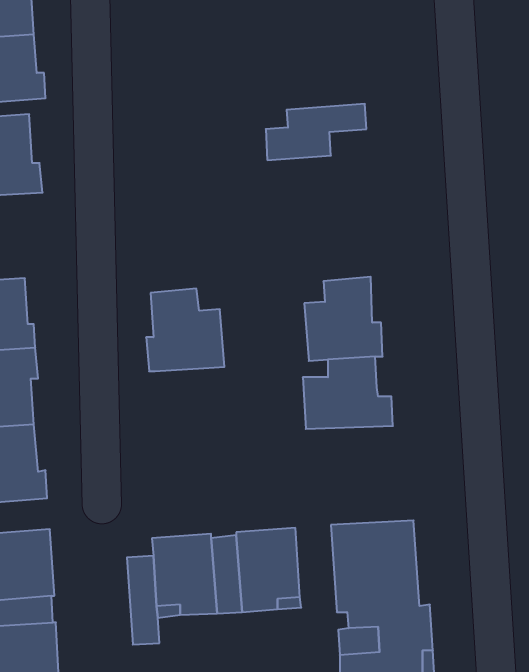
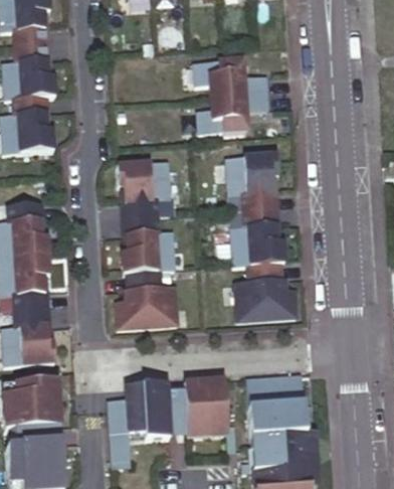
building: none -> [199,59,270,96]
building: none -> [225,160,278,212]
building: none -> [116,166,170,220]
building: none -> [121,272,182,321]

